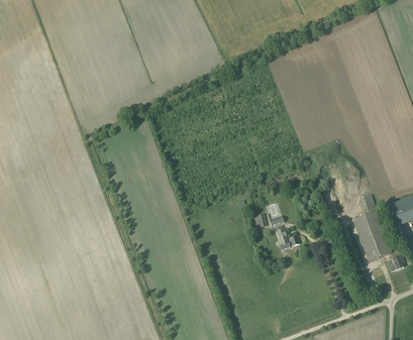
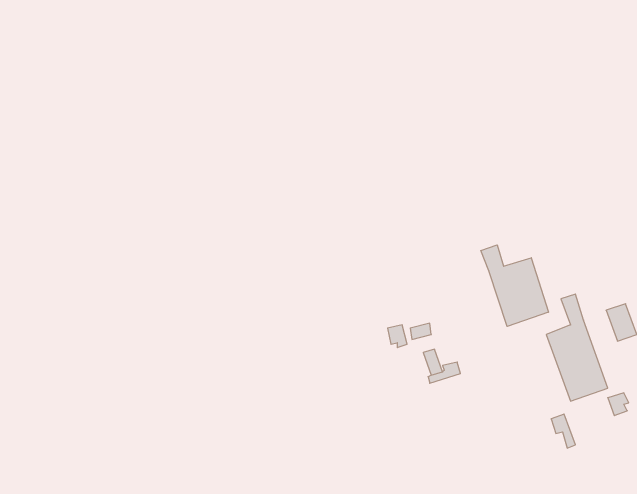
building: none -> [481,245,548,326]

